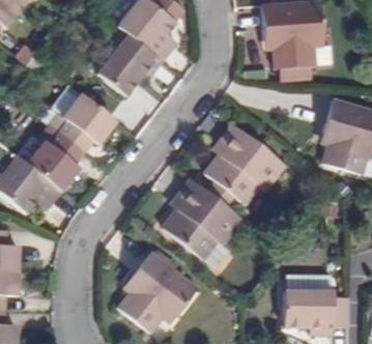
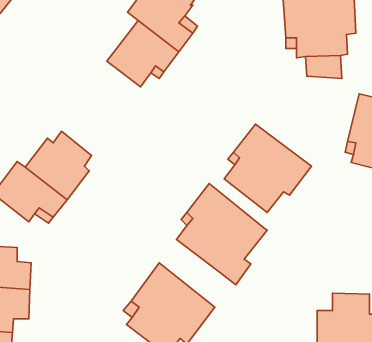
building: [49,83,116,154] -> none

